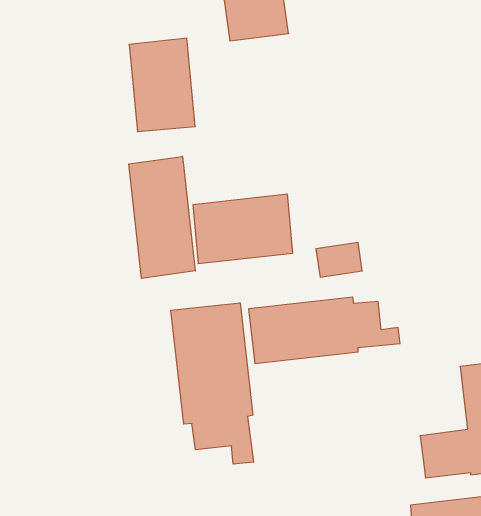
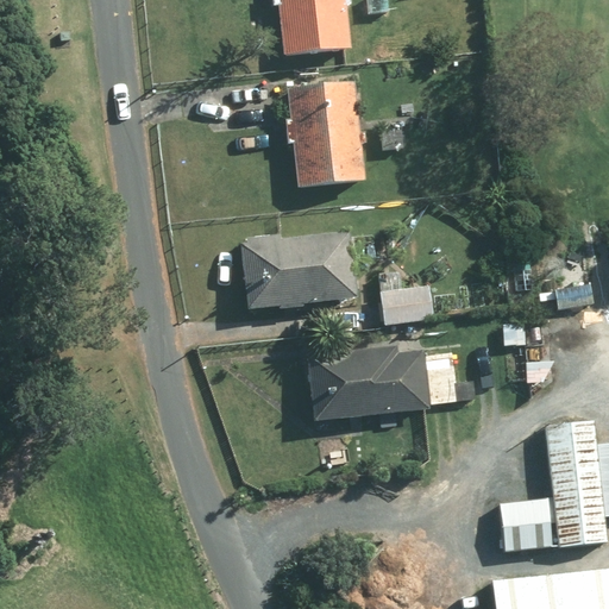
building: [129,38,195,132] -> [288,81,363,187]
building: [129,156,195,278] -> none
building: [171,303,253,464] -> none

